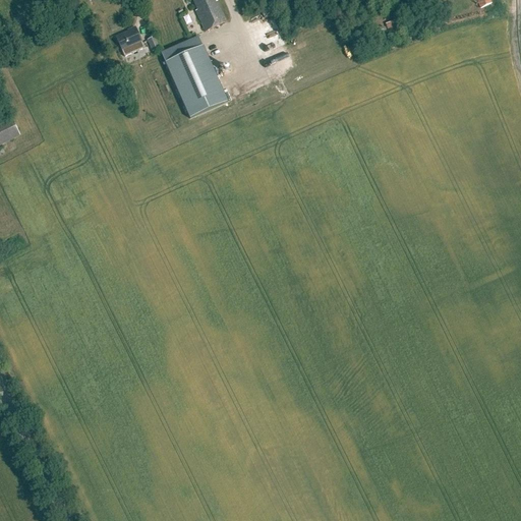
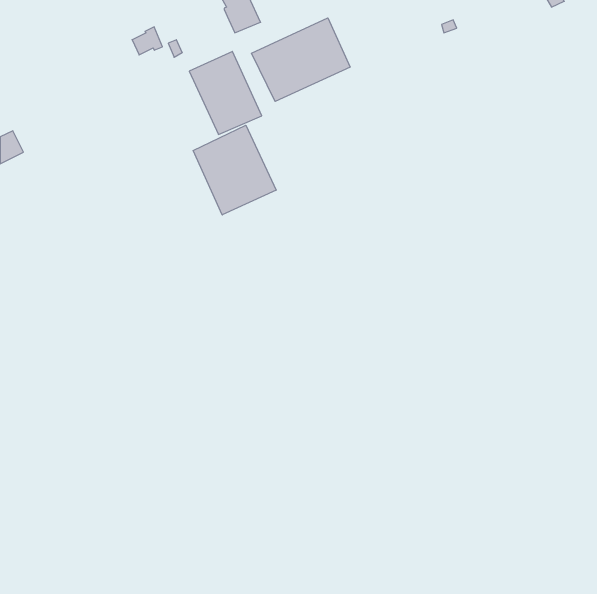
building: none -> [252,18,350,101]
building: none -> [193,125,276,215]

